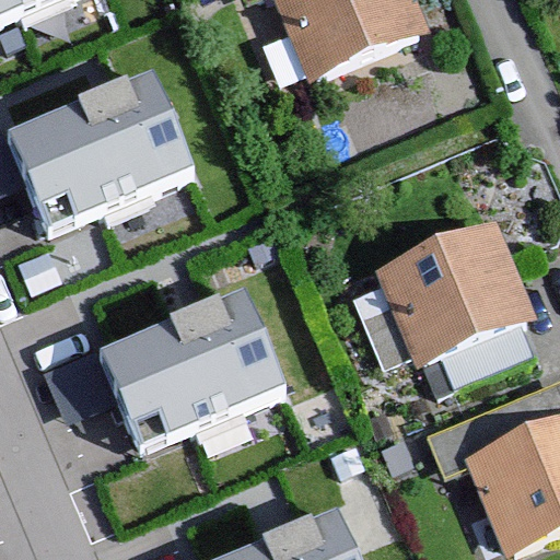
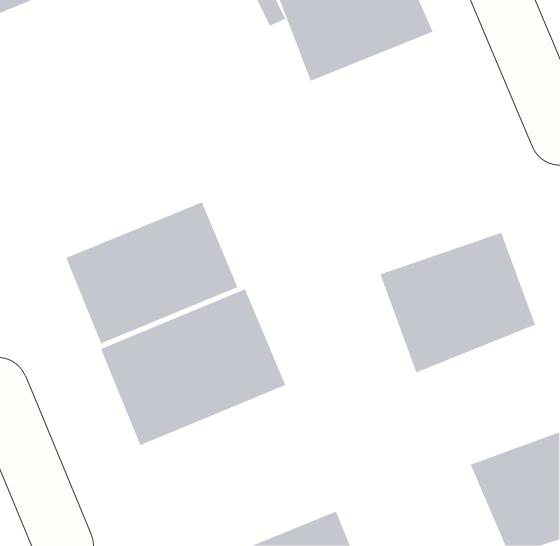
building: [7,68,191,224] -> none
building: none -> [66,201,238,344]

